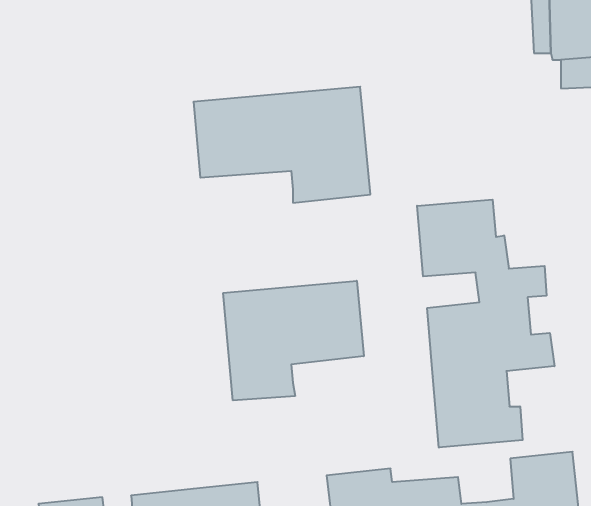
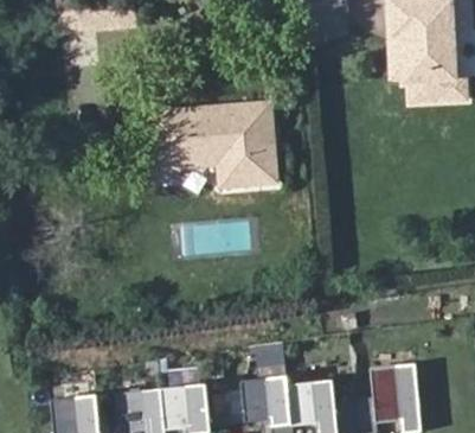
building: [417,200,554,448] -> none
building: [223,281,364,400] -> none

